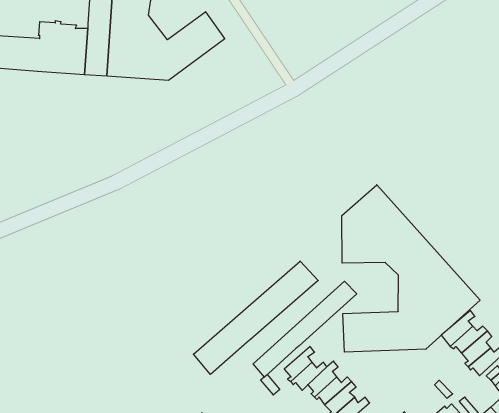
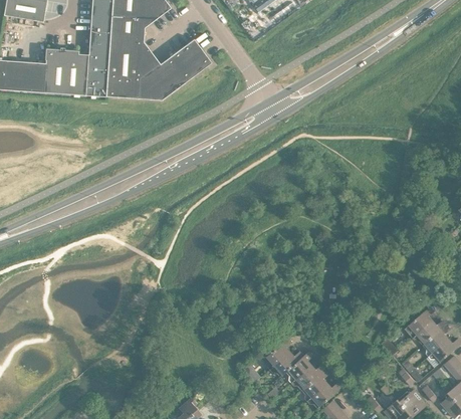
building: [342,185,480,352] -> none
building: [193,261,318,374] -> none
building: [253,281,357,377] -> none

